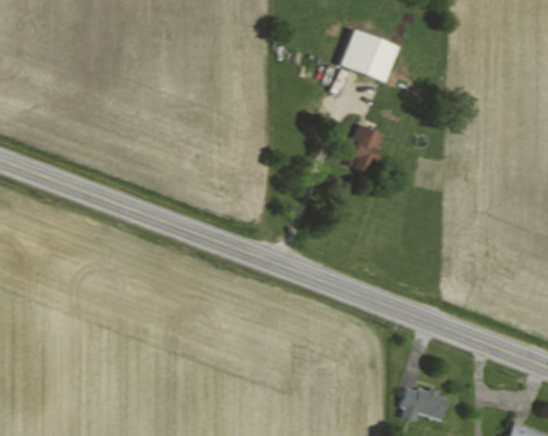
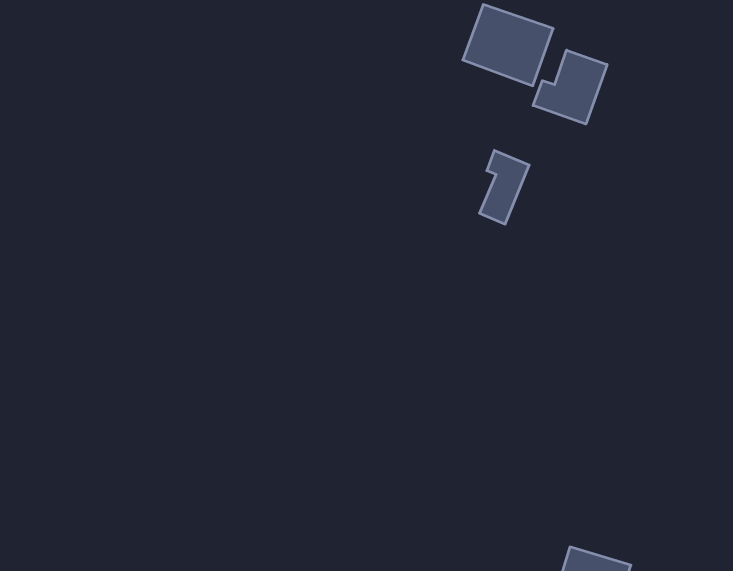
building: none -> [533,50,607,124]

